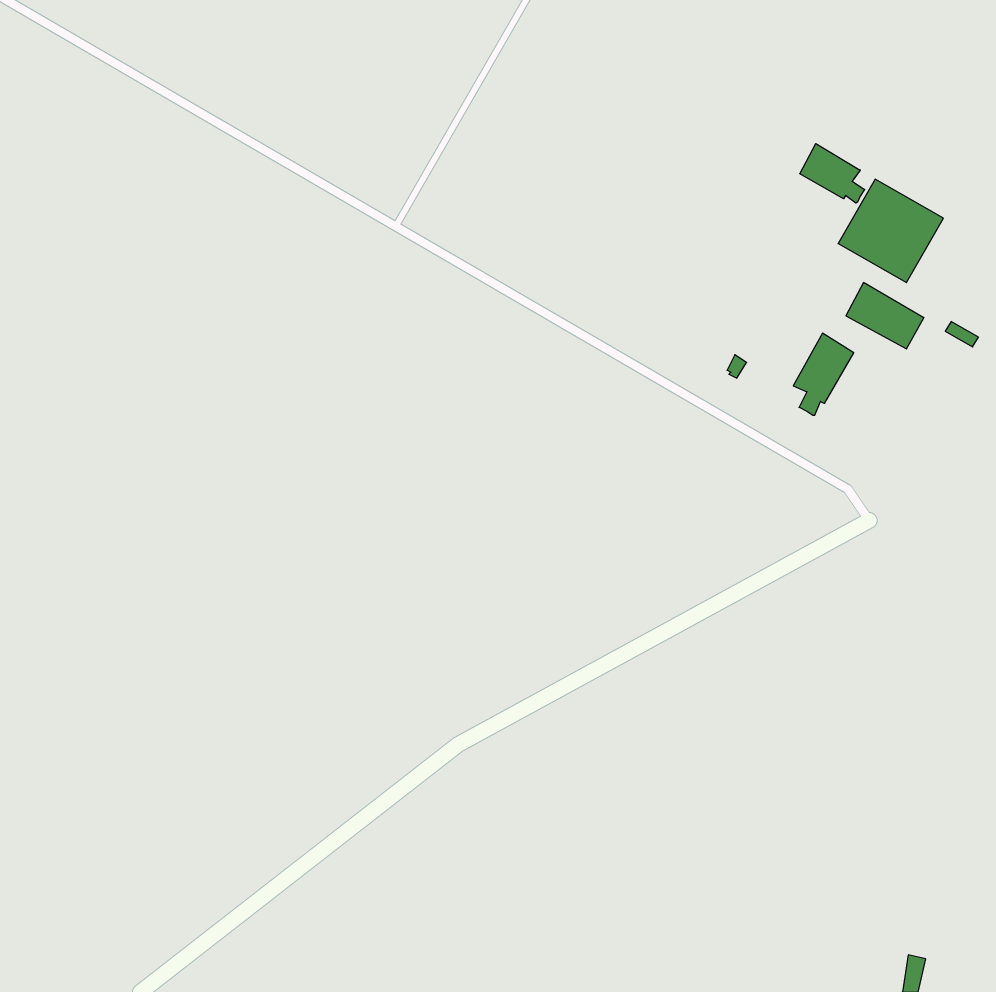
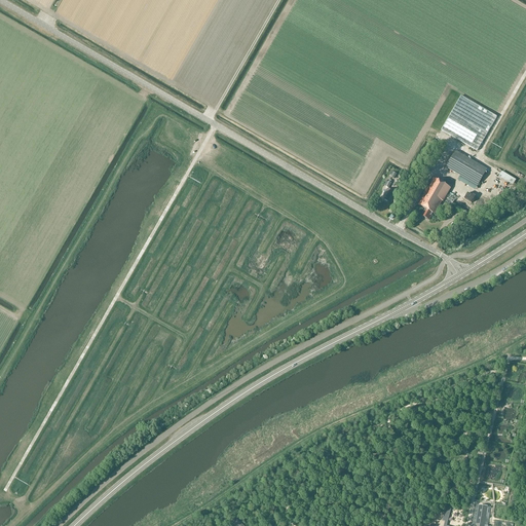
building: [800,144,865,203] -> none

